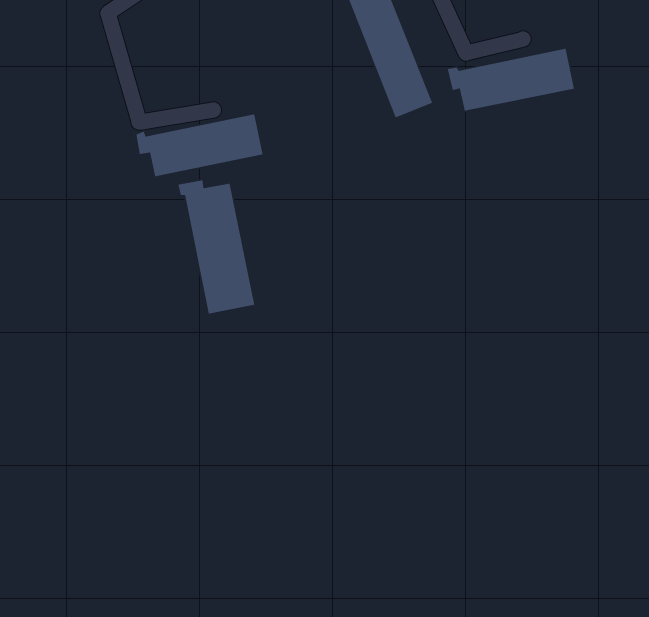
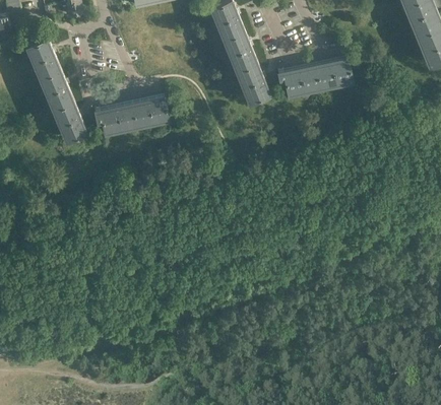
building: none -> [24,36,85,139]
building: [177,180,255,314] -> none

